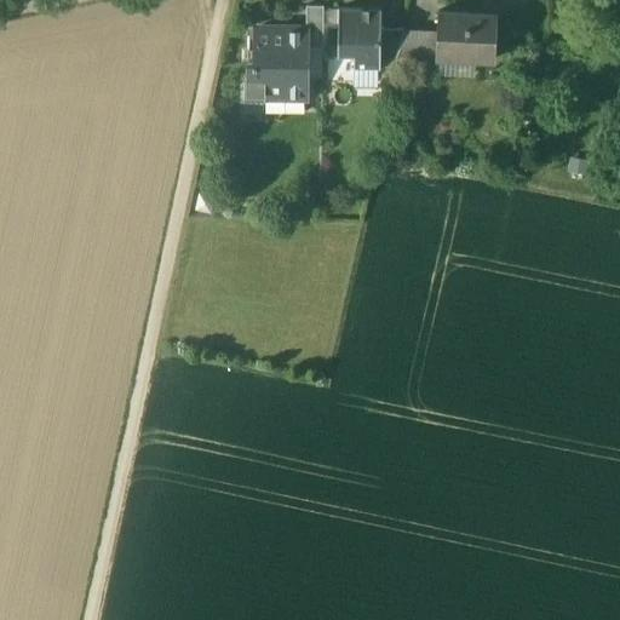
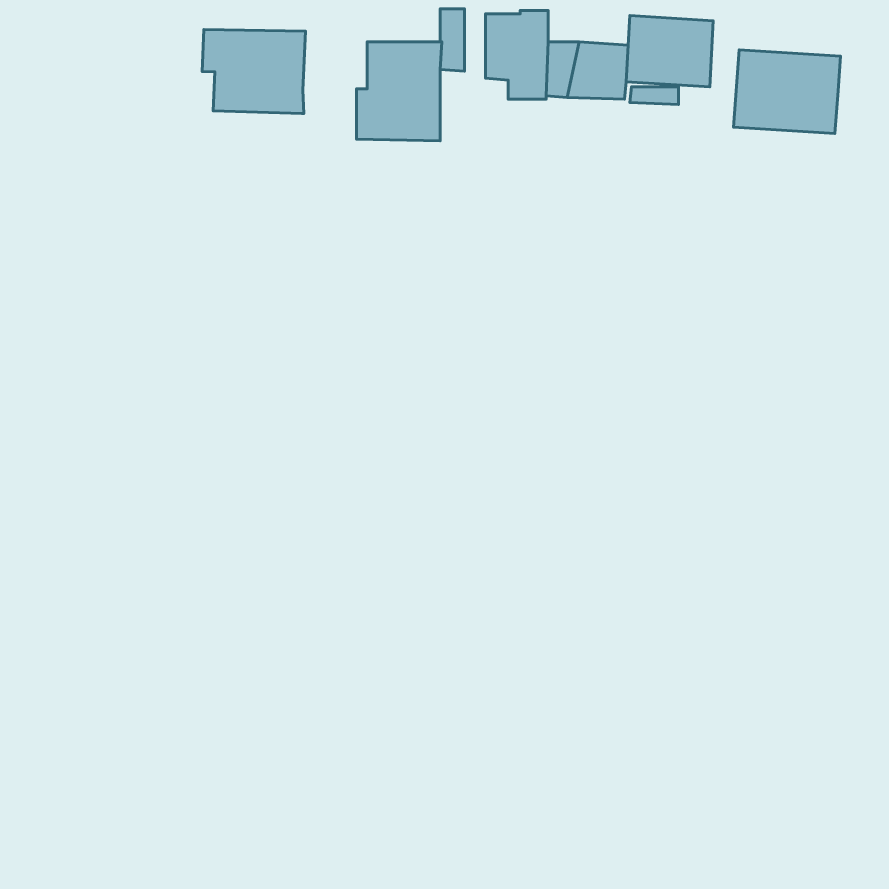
building: none -> [202,29,305,113]
building: none -> [734,50,841,133]

